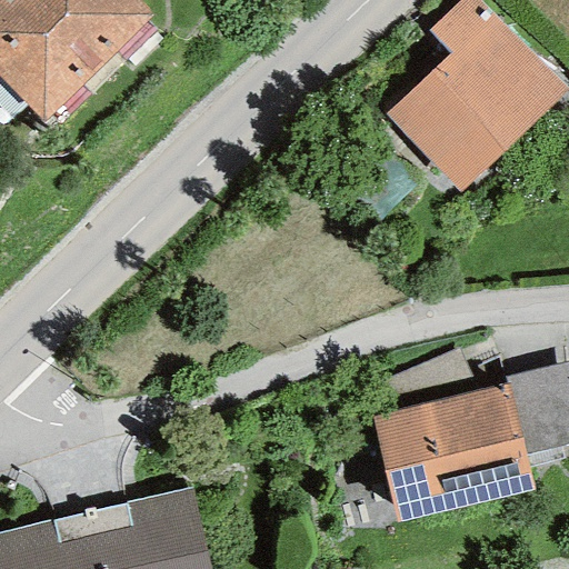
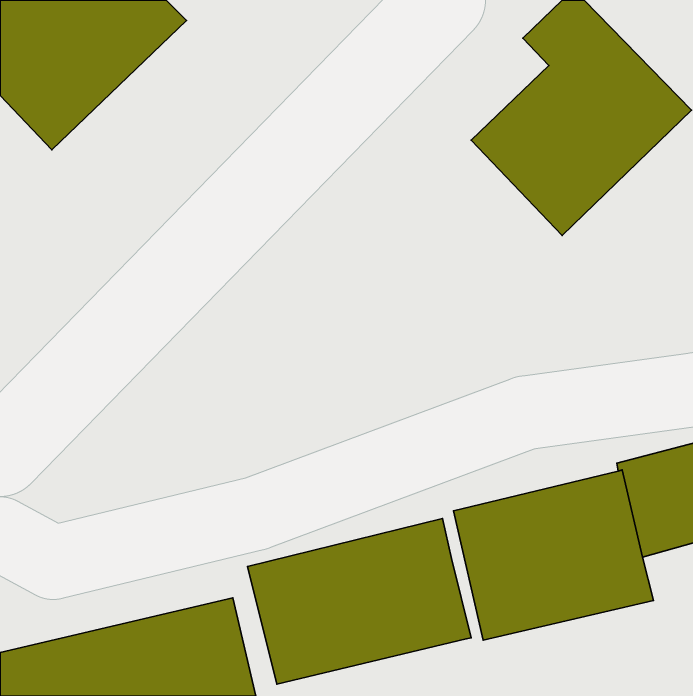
building: none -> [247,519,471,684]

